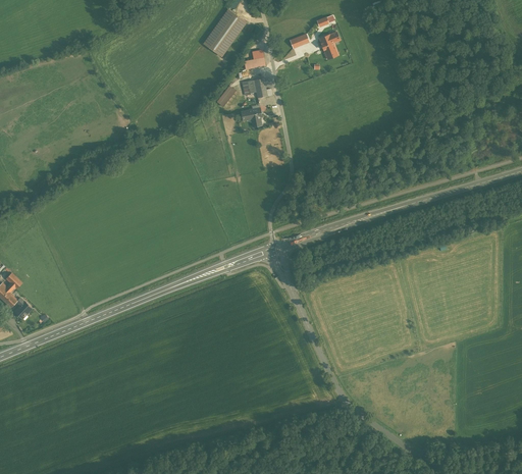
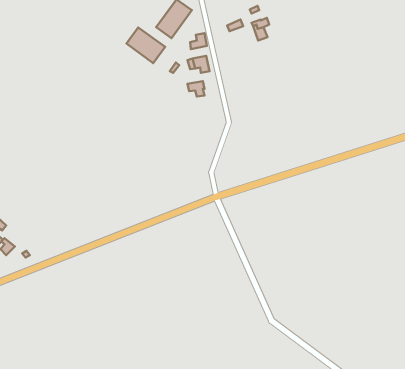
building: none -> [126,27,165,63]

